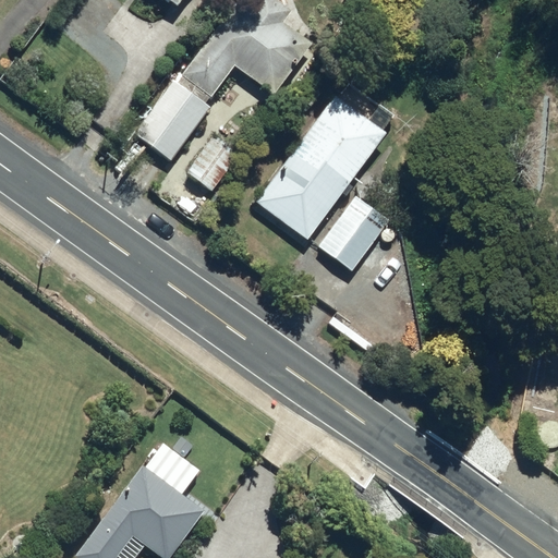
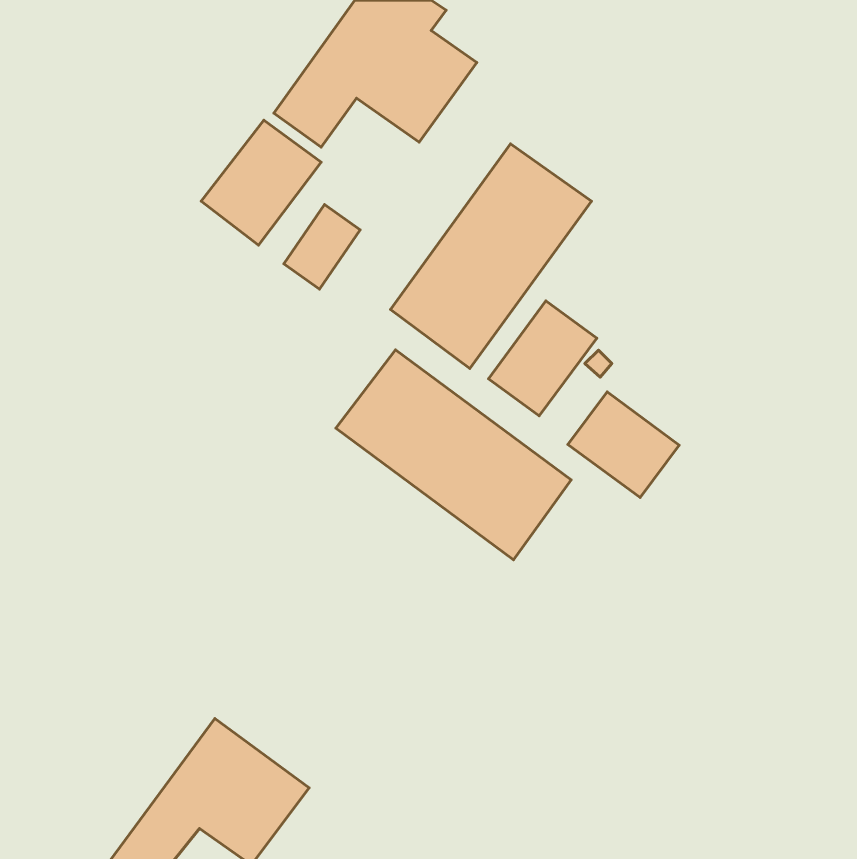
building: none -> [336,350,571,560]
building: none -> [568,392,679,498]

